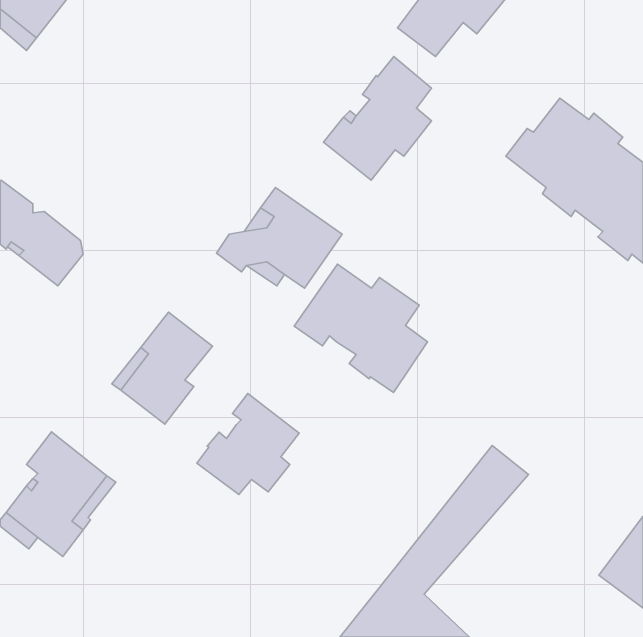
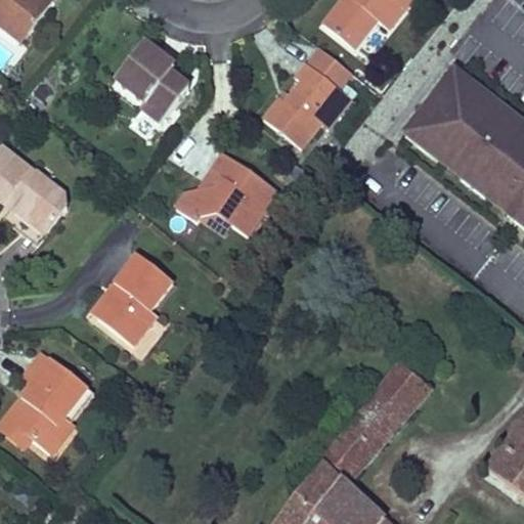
building: none -> [116,42,189,122]
building: [294,264,427,392] -> none
building: [197,393,299,495] -> none

